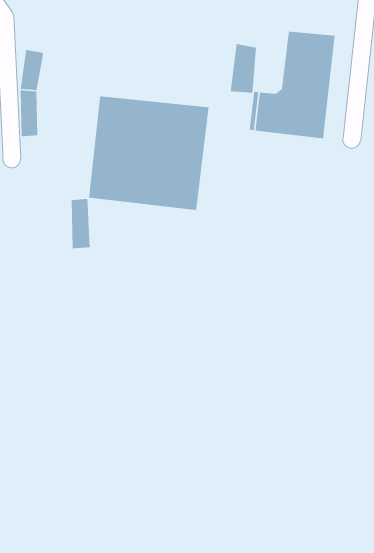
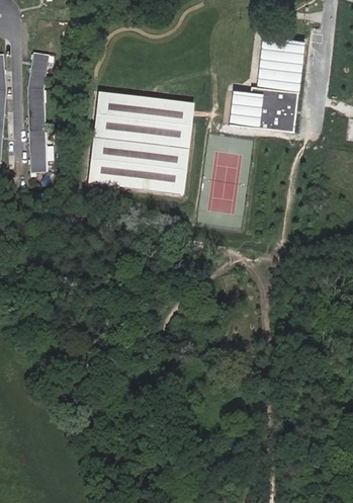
building: [230,43,257,94] -> none
building: [71,198,90,249] -> [29,128,47,172]

